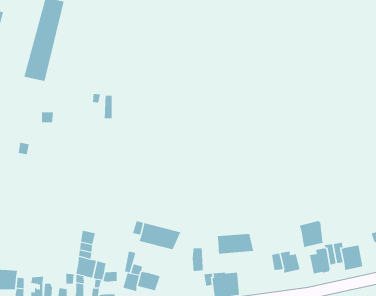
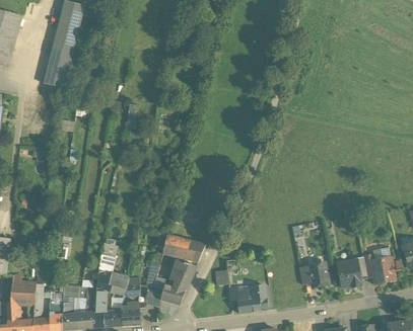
building: [299,220,323,248] -> none
building: [217,233,254,255] -> none
building: none -> [173,259,196,289]

